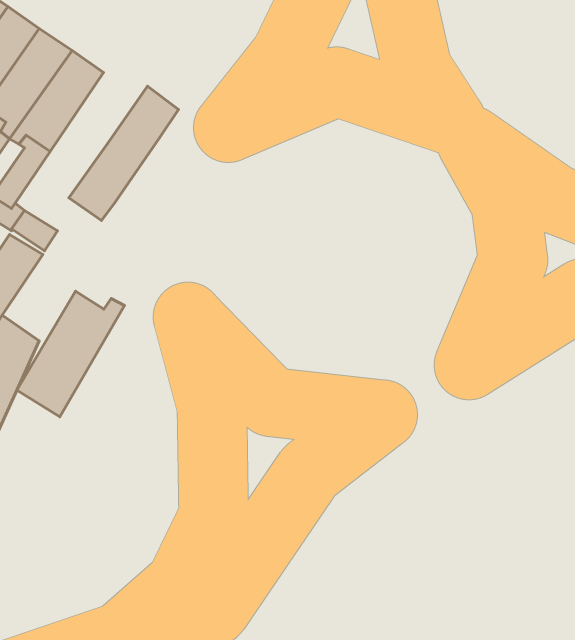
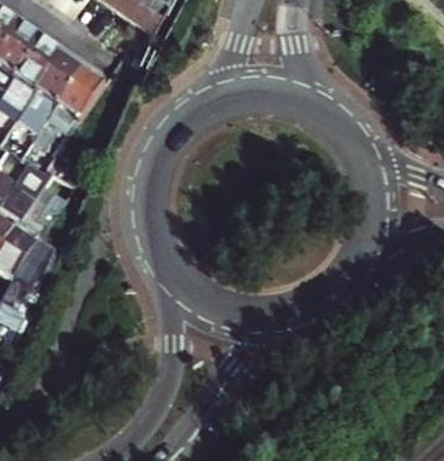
building: [69,86,179,221] -> none
building: [17,291,125,417] -> none

